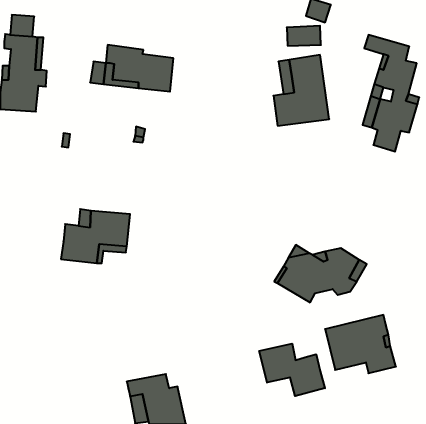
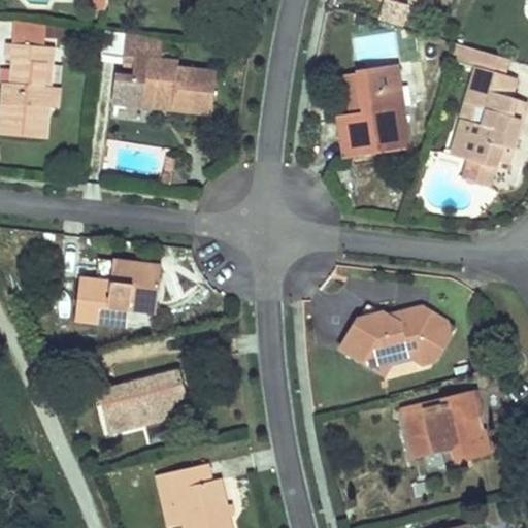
building: none -> [96,368,188,432]
building: [259,344,325,396] -> none

